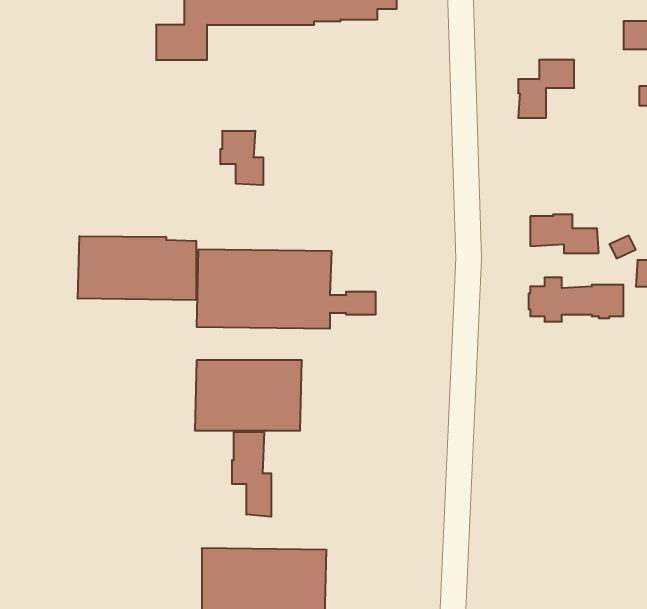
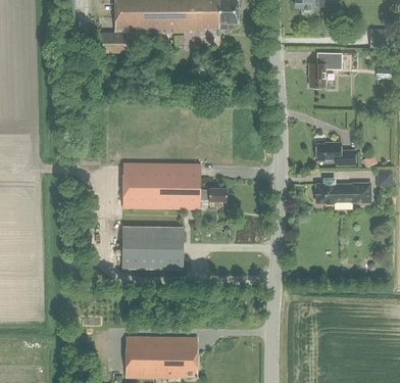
building: [220,131,263,185] -> none
building: [78,236,196,300] -> none
building: [232,432,271,517] -> none

